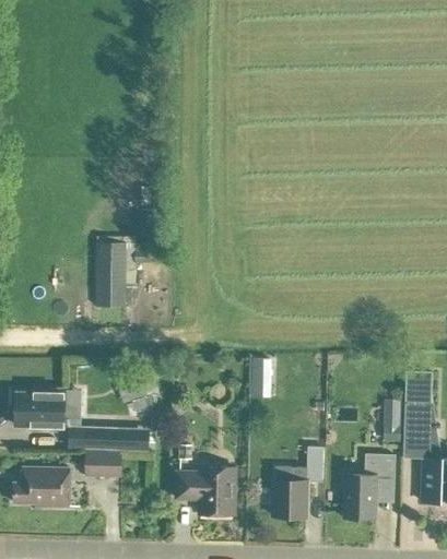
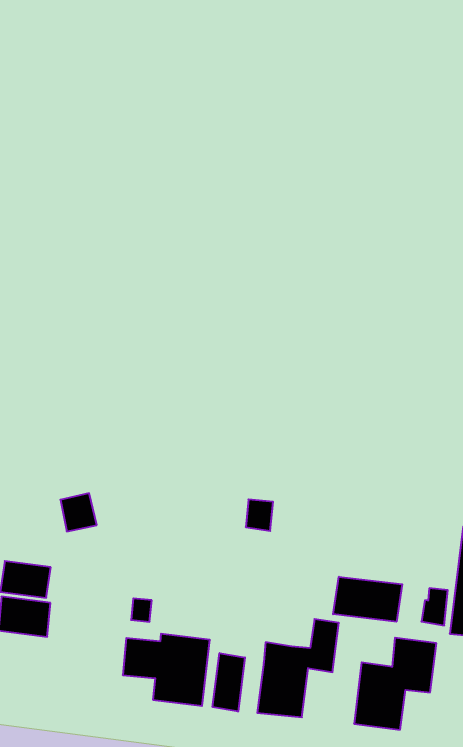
building: [95,243,132,305] -> none
building: none -> [333,577,402,622]
building: none -> [213,653,245,712]

